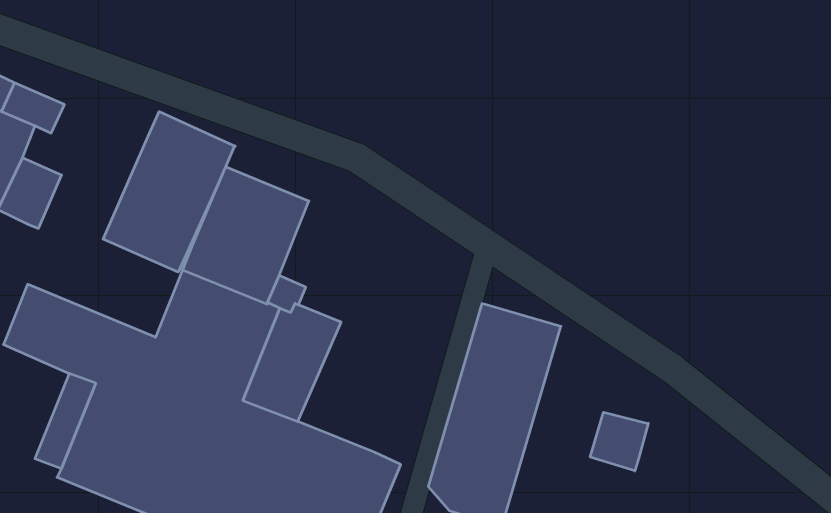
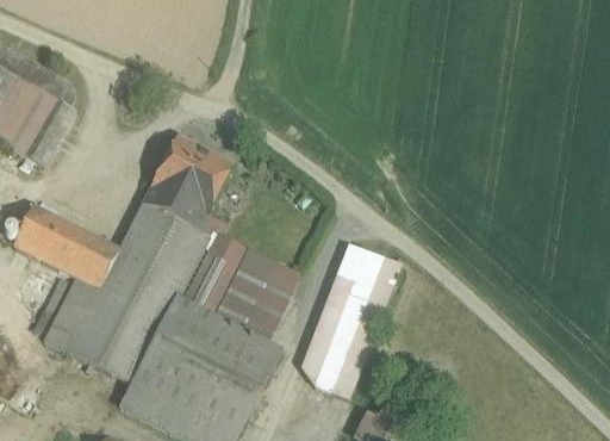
building: [103,112,235,272] -> none
building: none -> [36,95,74,131]
building: none -> [212,249,298,342]
building: [590,412,648,471] -> none

